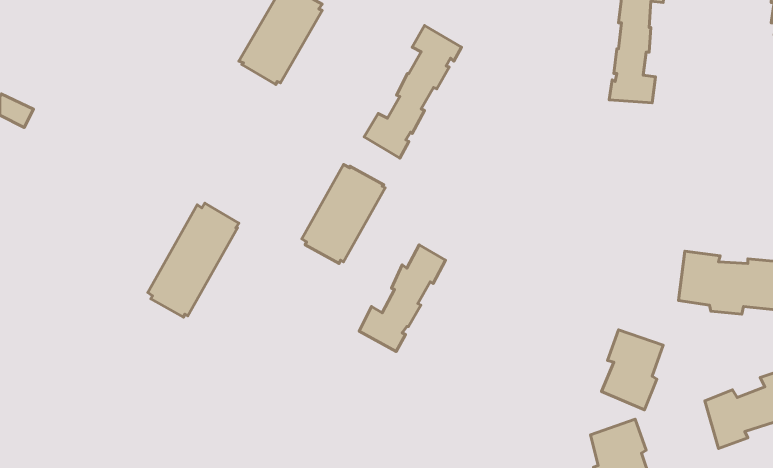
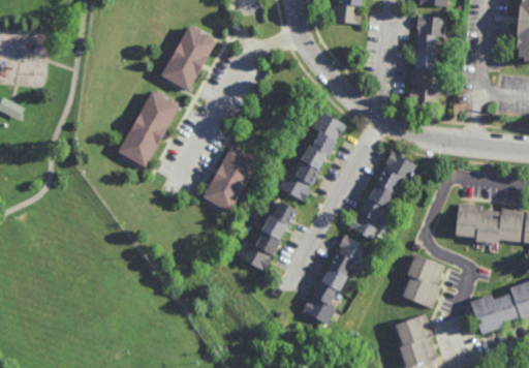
building: [364,26,461,158] -> [280,112,345,201]
building: none -> [349,150,416,240]
building: [148,203,239,317] -> [118,90,179,166]
building: none -> [303,234,369,325]

